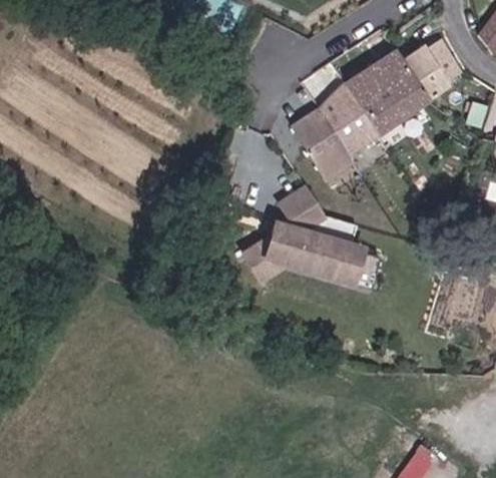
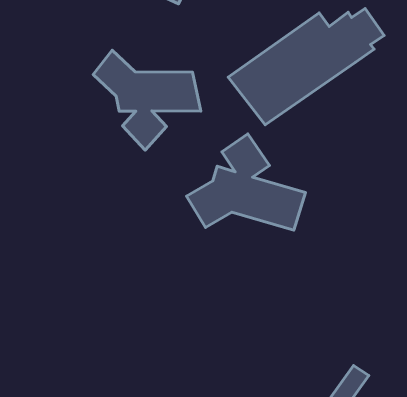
building: none -> [93,50,201,150]

